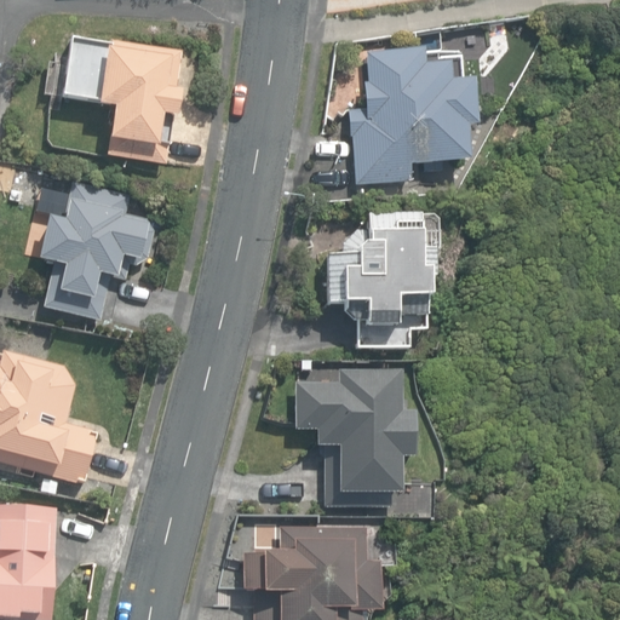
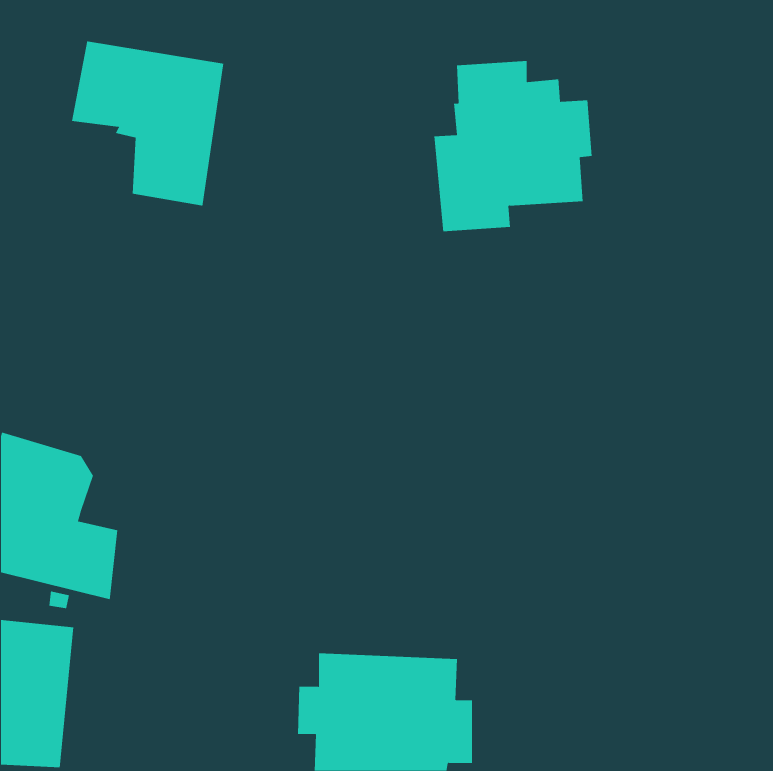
building: [44,188,154,318] -> none
building: [326,213,434,348] -> none
building: [294,369,414,507] -> none

